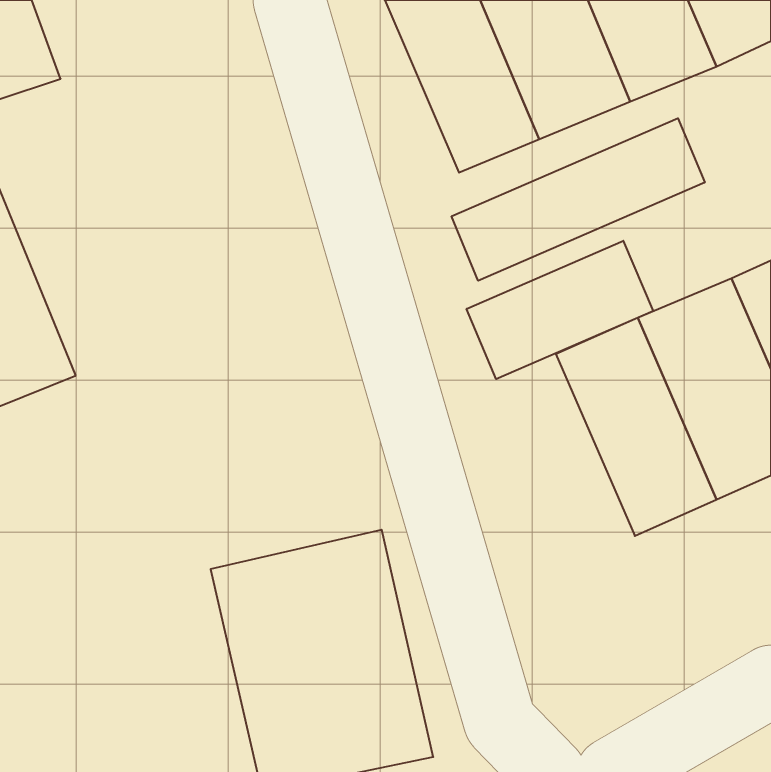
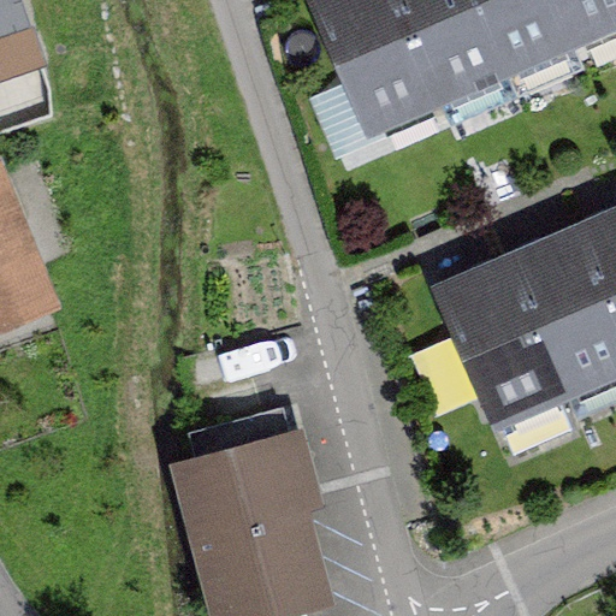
building: [452,118,705,281] -> none
building: [467,241,653,379] -> none

